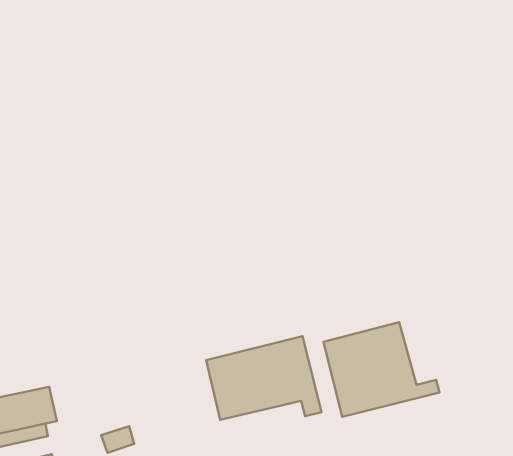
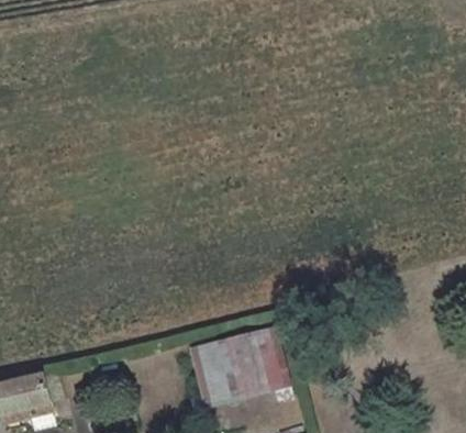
building: [324,322,440,417] -> none

